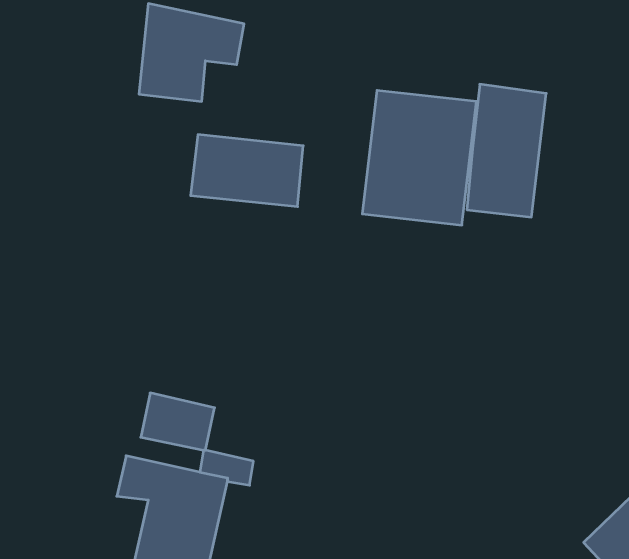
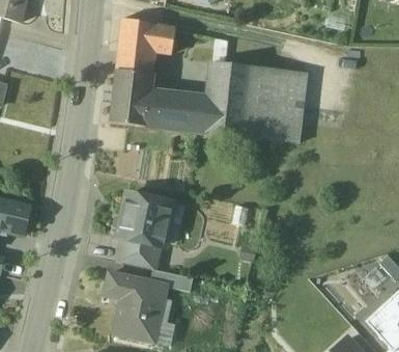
building: [467,84,546,217] -> [206,61,251,136]
building: none -> [111,69,152,126]
building: none -> [118,193,173,245]

